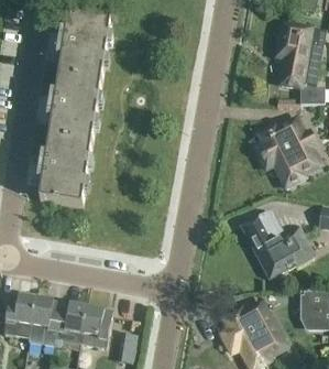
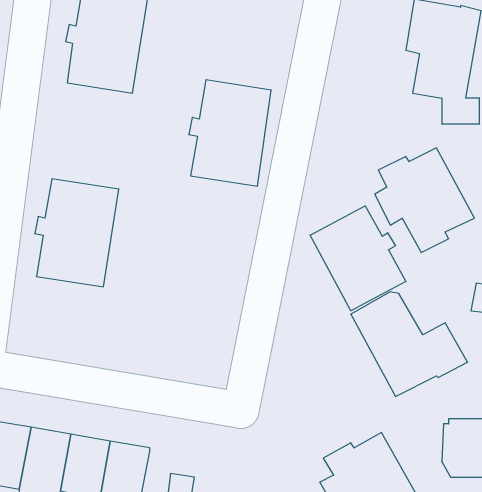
building: [47,76,100,144] -> [189,80,271,186]
building: none -> [310,206,406,311]

